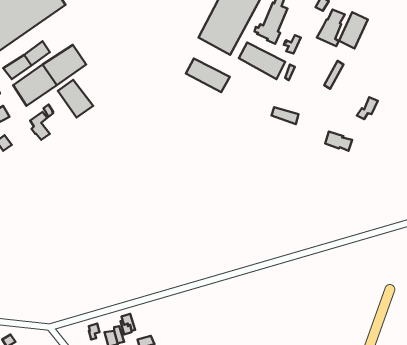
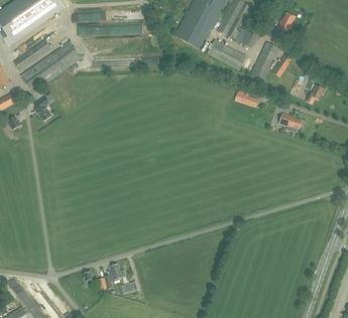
building: [339,12,368,49] -> [254,41,278,71]
building: [186,58,230,92] -> none
building: [58,80,93,117] -> none

